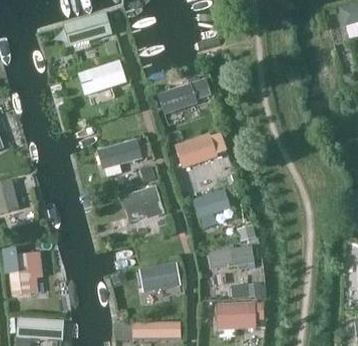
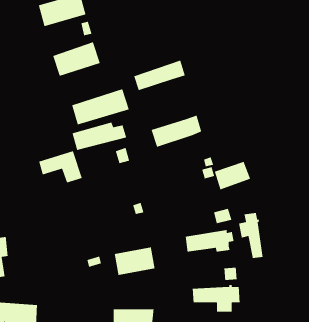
building: none -> [71,88,130,126]
building: [119,186,163,219] -> [38,150,83,184]
building: [193,190,230,219] -> [214,161,251,190]
building: none -> [238,212,264,259]

